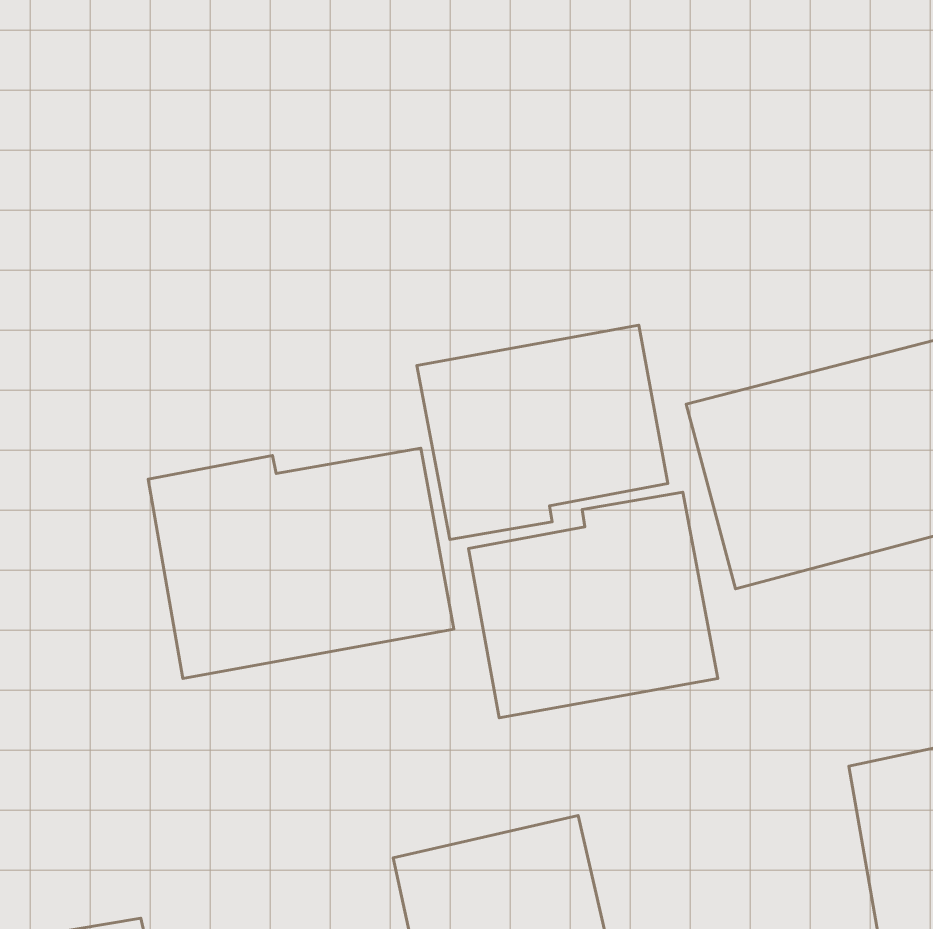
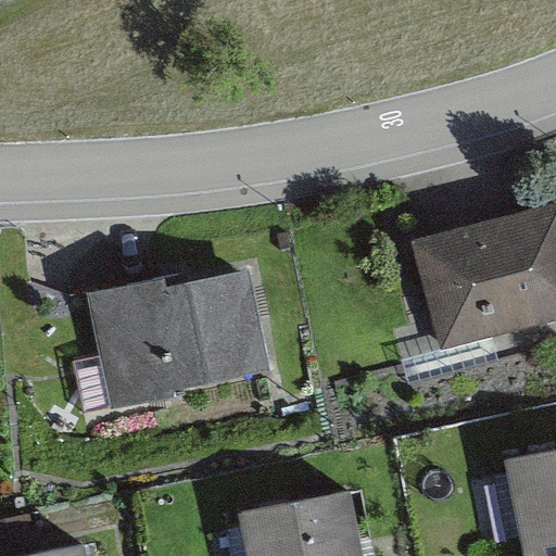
building: [417,325,668,539] -> none
building: [469,492,718,718] -> none

